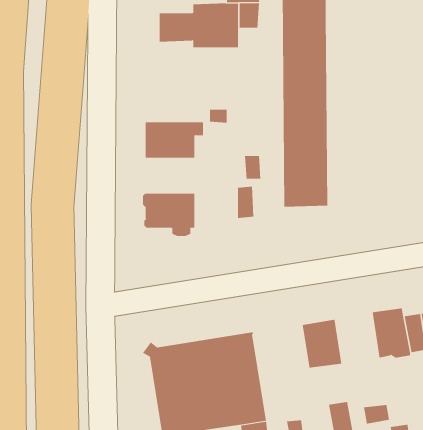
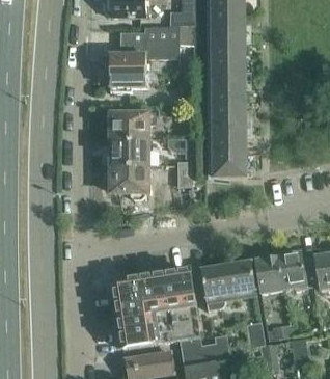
building: none -> [110,53,145,91]
building: none -> [107,140,147,166]
building: none -> [255,253,283,292]
building: none -> [201,264,231,309]

